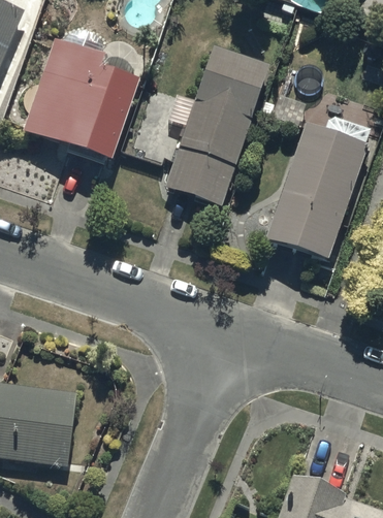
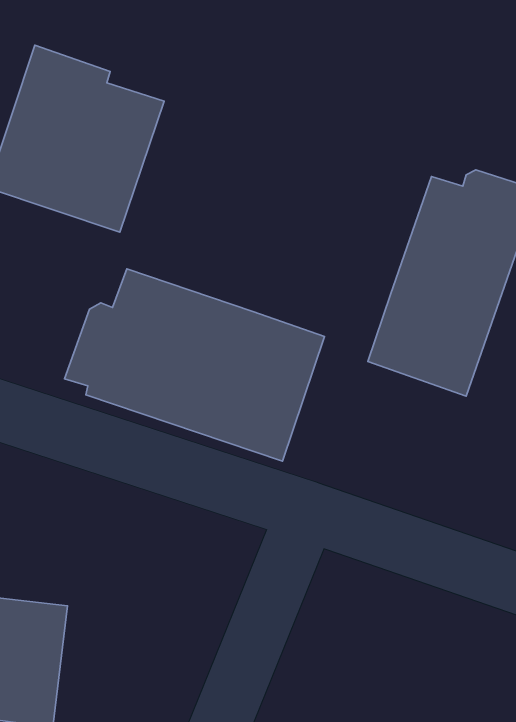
building: [163,47,267,206] -> none
building: none -> [65,269,325,461]

